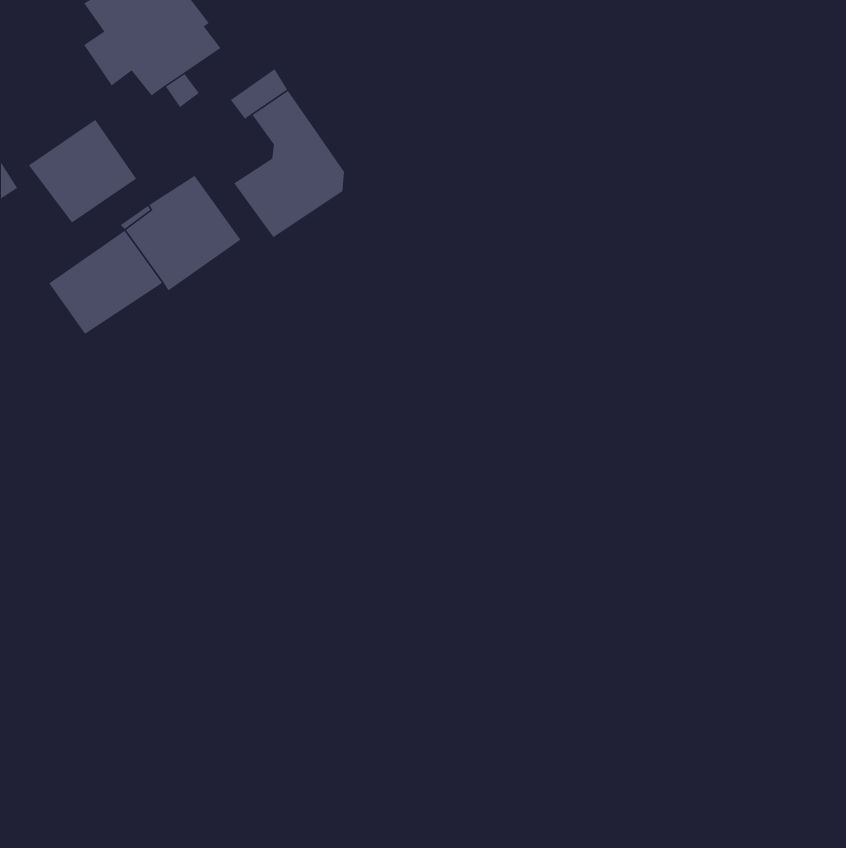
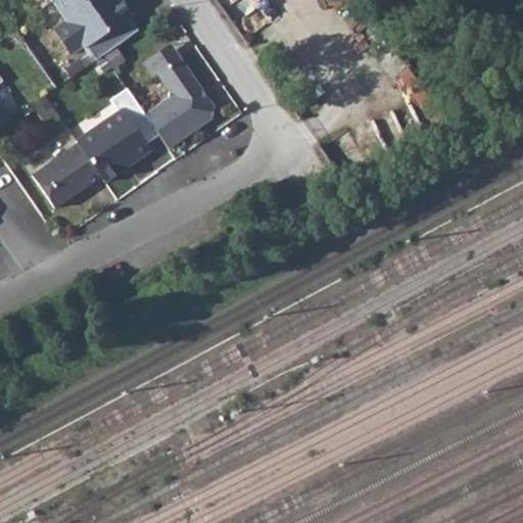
building: [28,119,137,224] -> none

